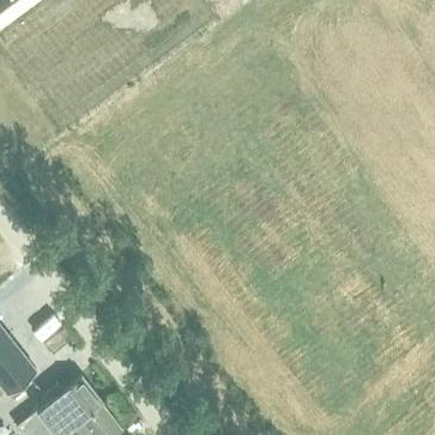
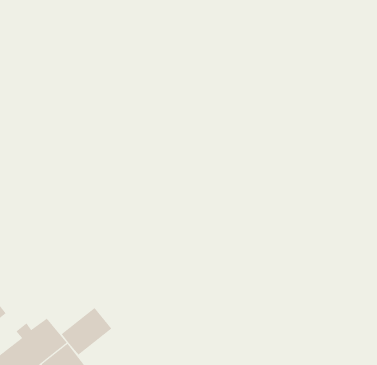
building: none -> [61,307,112,355]

